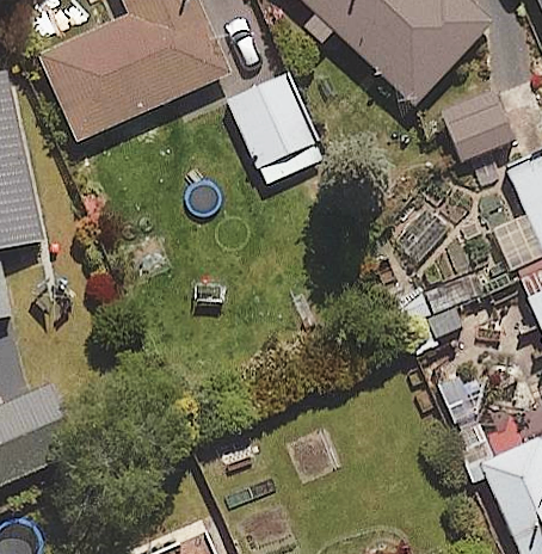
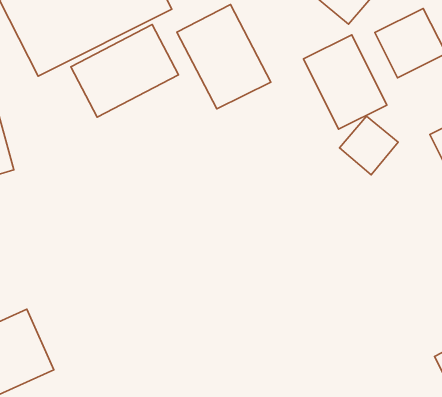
building: none -> [71,25,179,117]
building: none -> [304,35,387,129]

